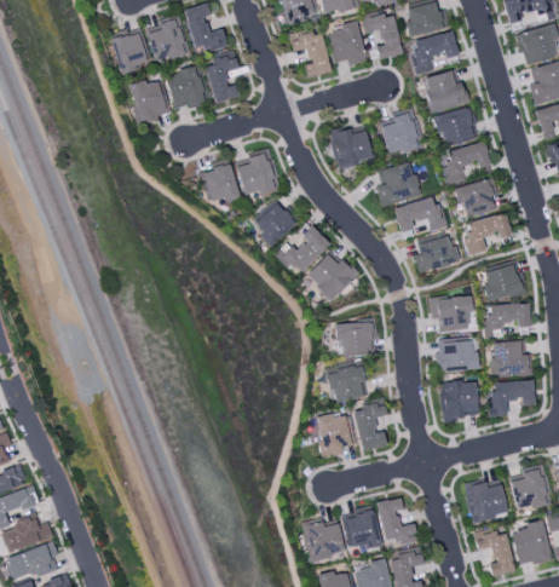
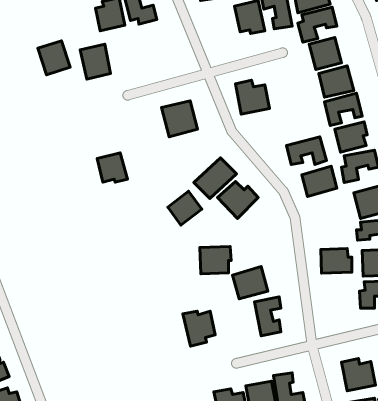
building: [290,30,332,79] -> none
building: [111,31,152,75] -> [38,41,70,75]
building: [207,56,242,103] -> none
building: [167,68,206,110] -> none
building: [382,113,420,154] -> none
building: [379,162,420,203] -> none
building: [202,165,241,202] -> [97,153,128,182]
building: [253,202,296,246] -> [168,191,202,225]
building: [431,295,473,333] -> none
building: [338,321,378,356] -> [200,246,231,274]
building: [443,382,478,419] -> none
building: [315,414,356,459] -> [183,311,215,346]

